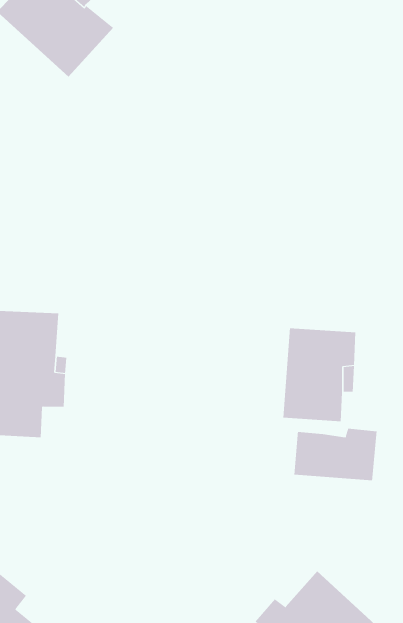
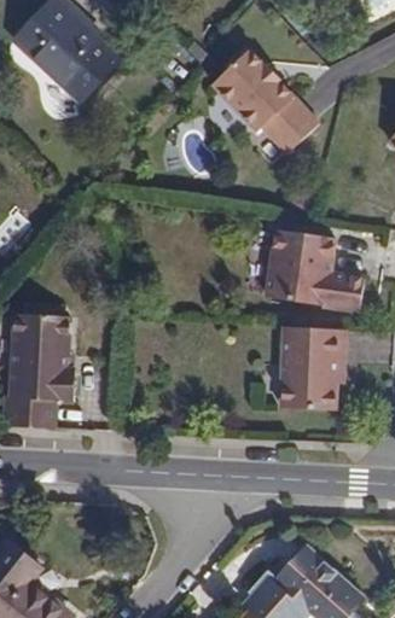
building: none -> [214,52,319,157]
building: none -> [256,231,355,309]
building: [294,428,377,481] -> none

